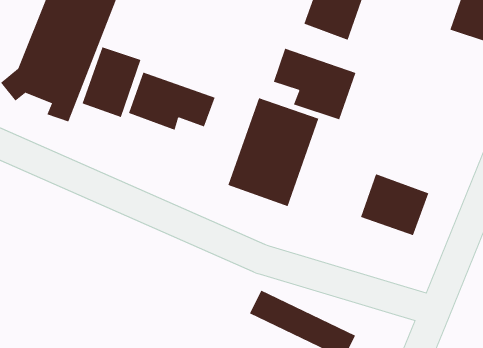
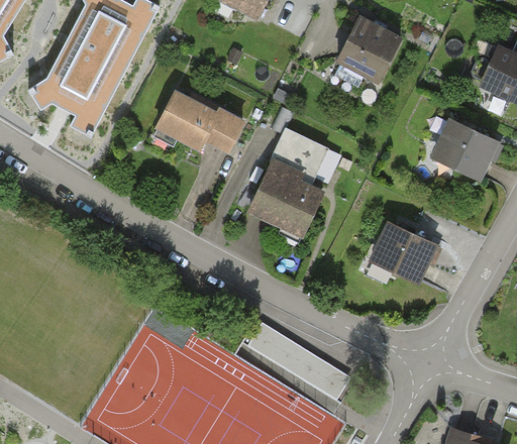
building: [82,46,141,118] -> none
building: [273,48,356,120] -> none
building: none -> [430,120,499,181]

